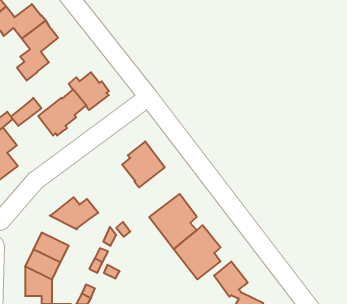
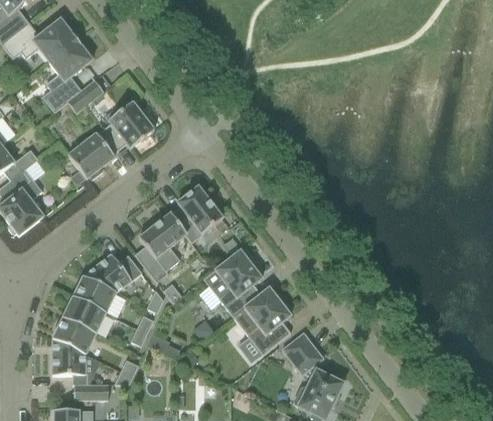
building: [11,98,41,126] -> [68,78,105,112]
building: none -> [135,212,187,281]
building: none -> [73,275,116,312]

